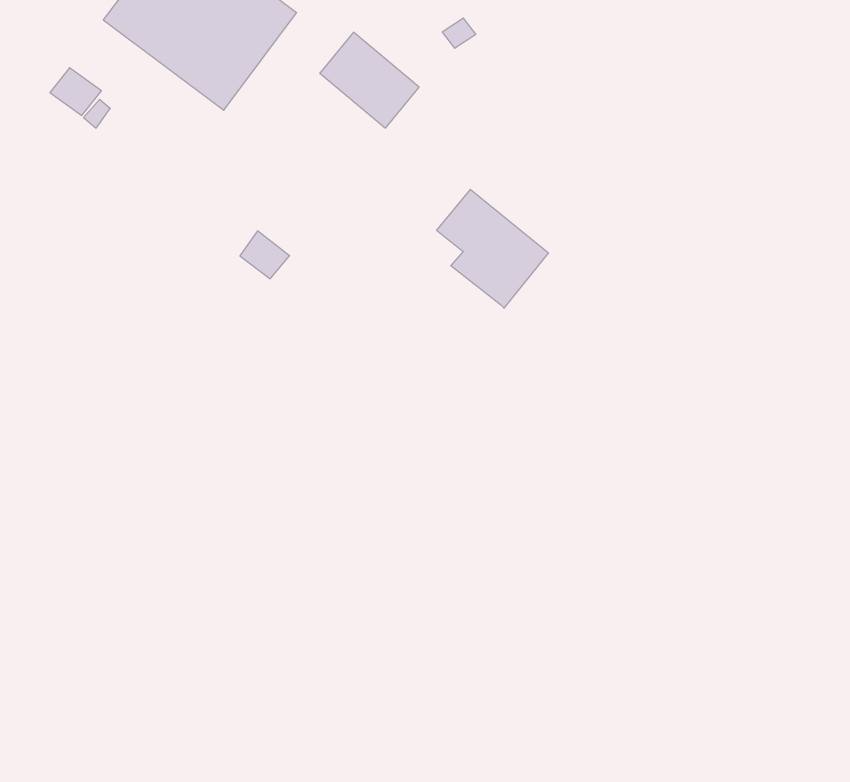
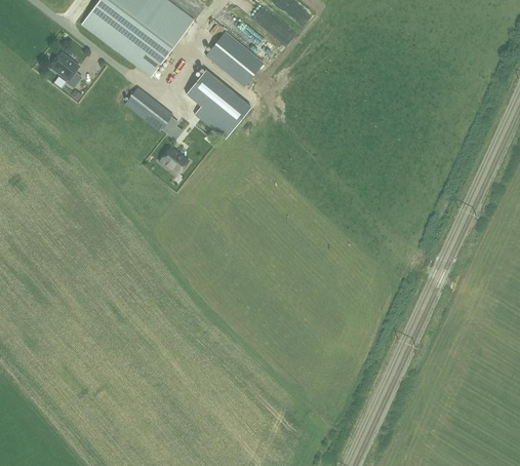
building: none -> [125,86,174,131]
building: [437,189,548,308] -> [186,69,250,138]

